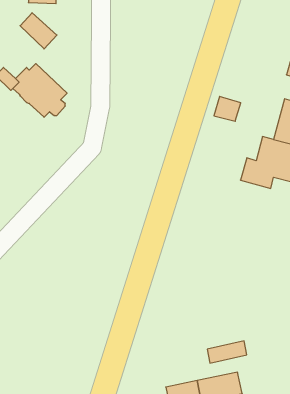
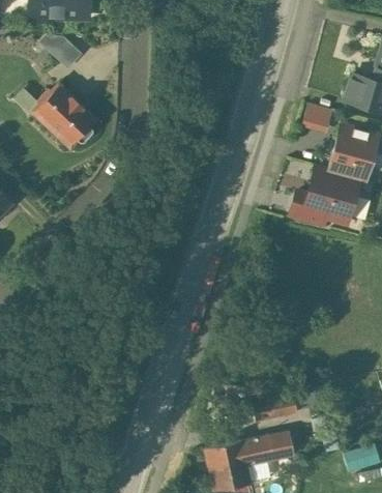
building: [214,96,241,121] -> [302,104,332,132]

